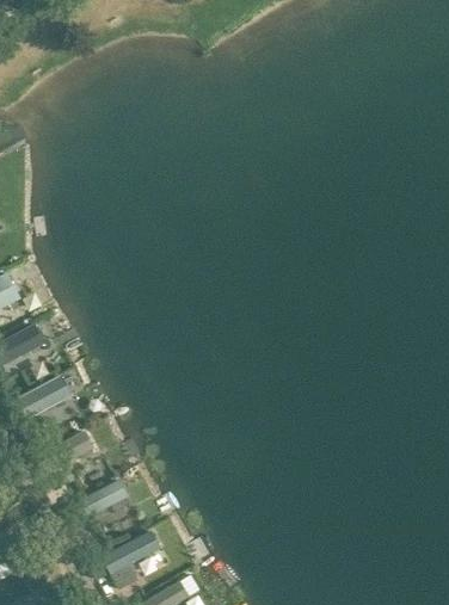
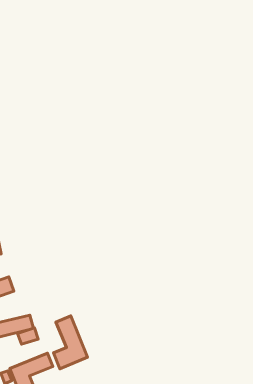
building: none -> [54,316,87,369]

